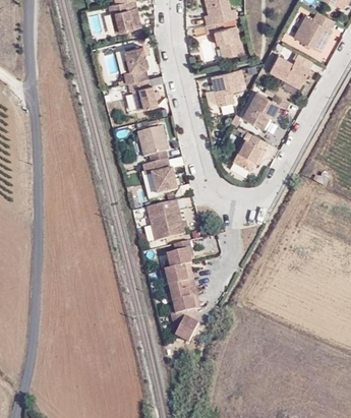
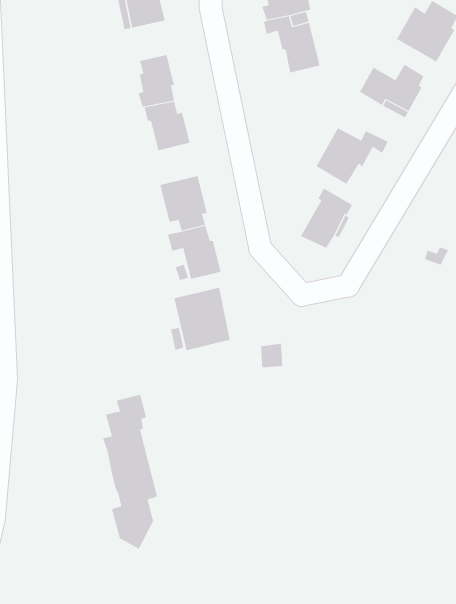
building: [211,71,244,110] -> none
building: [165,242,201,344] -> [102,394,158,549]

